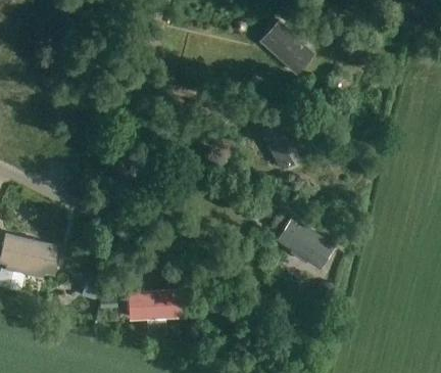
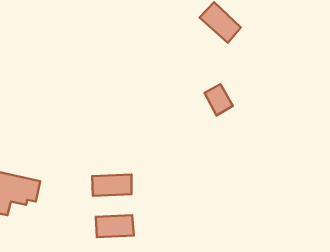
building: [278,218,333,267] -> none
building: none -> [92,174,132,196]

